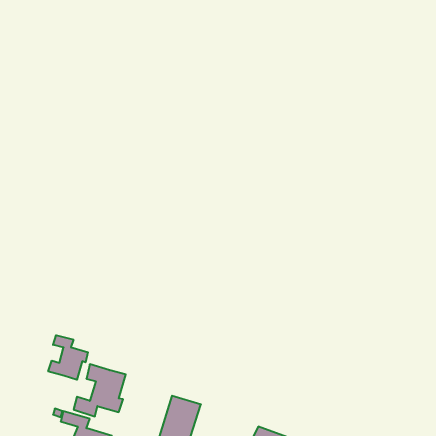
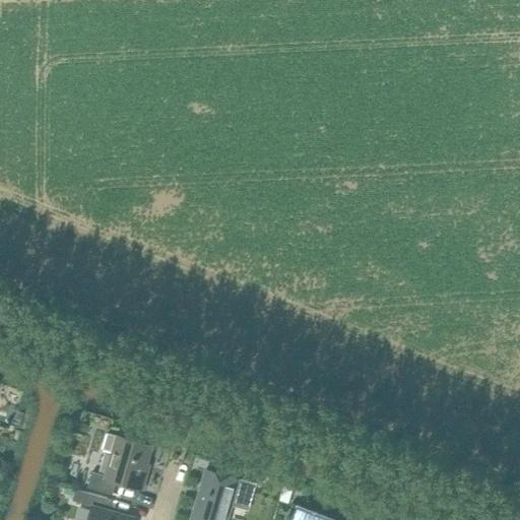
building: [48,335,88,380] -> none

